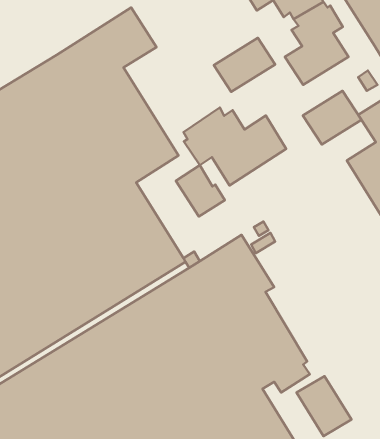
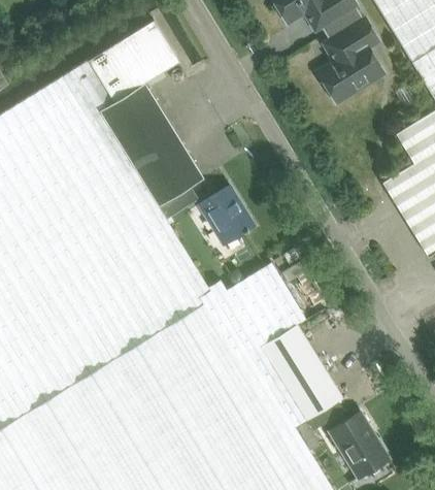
building: [214,38,275,92] -> none
building: [303,91,361,144] -> none
building: [183,107,286,186] -> none

